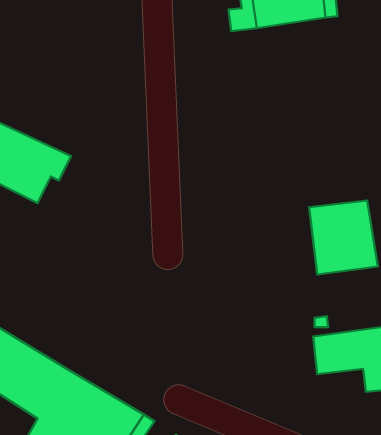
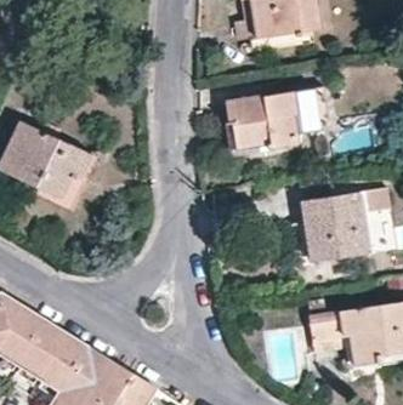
building: none -> [223,86,328,148]

